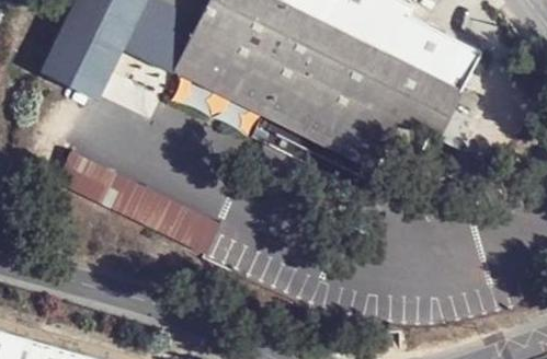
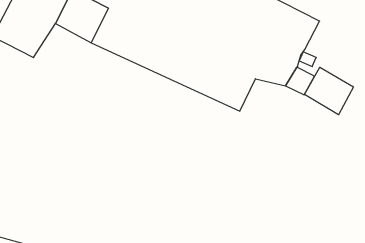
building: none -> [304,67,353,115]
building: [56,150,217,251] -> none

